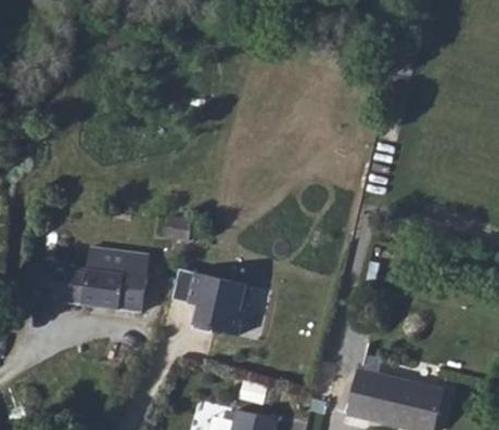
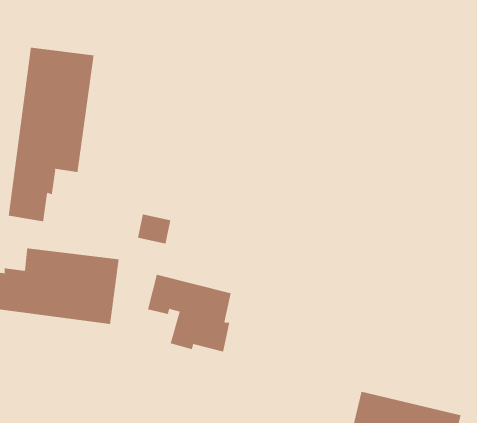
building: none -> [8,47,94,222]

